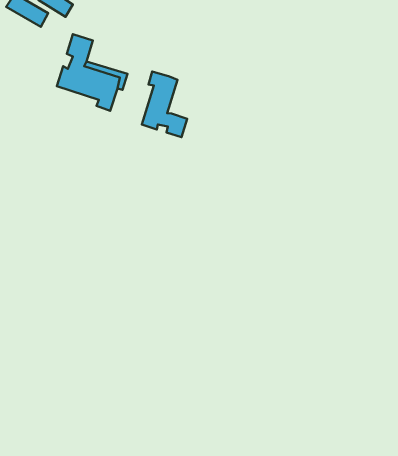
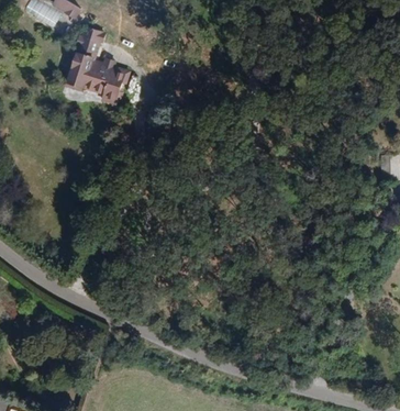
building: [142,72,187,137] -> none

